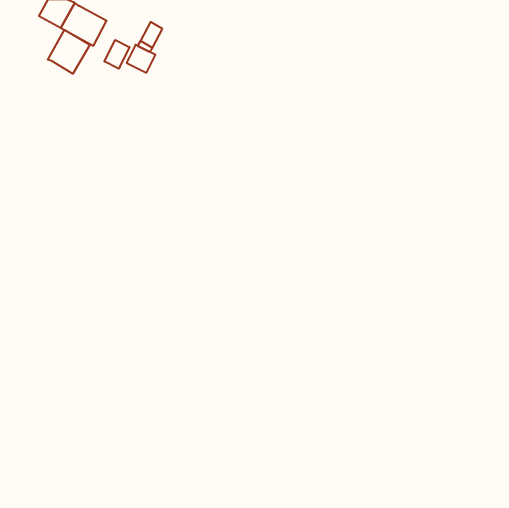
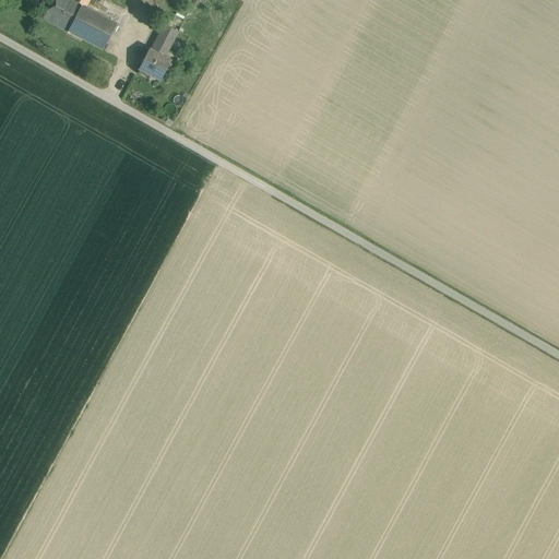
building: [48,30,90,74] -> none
building: [104,40,130,69] -> none

